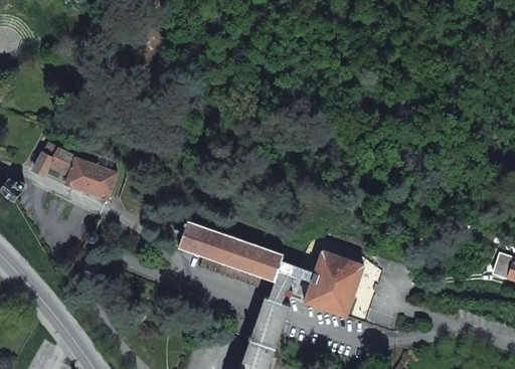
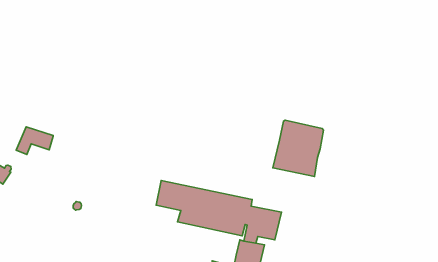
building: [65,158,118,200] -> none
building: [303,251,363,317] -> [273,120,323,176]

